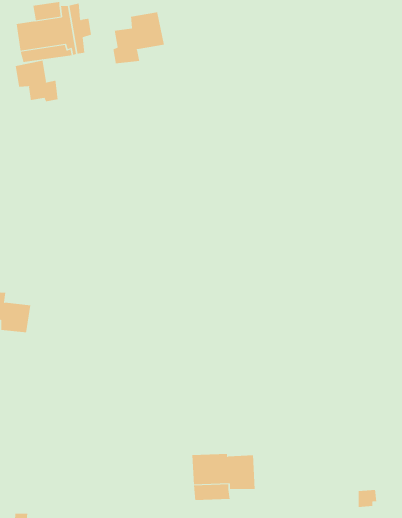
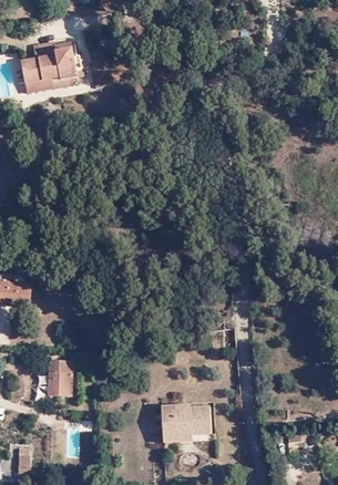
building: [113,12,164,64] -> none
building: [15,60,58,102] -> none
building: none -> [50,361,78,396]

